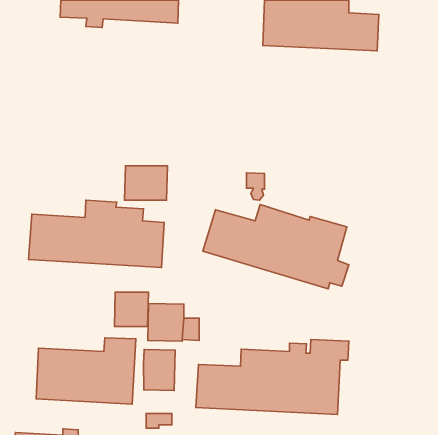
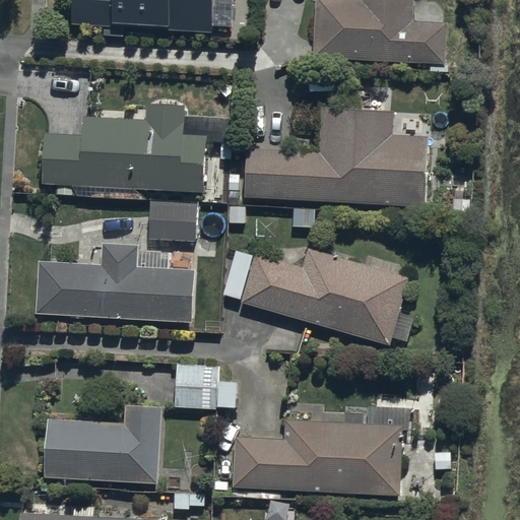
building: none -> [41,102,207,200]
building: none -> [242,106,428,205]
building: [114,292,148,327] -> none
building: [143,349,175,391] -> none

